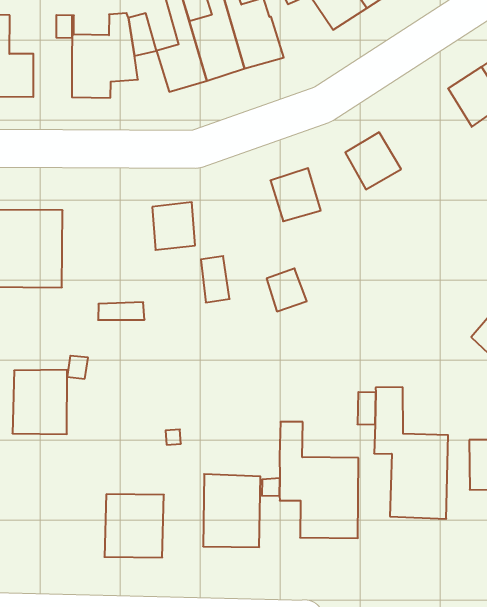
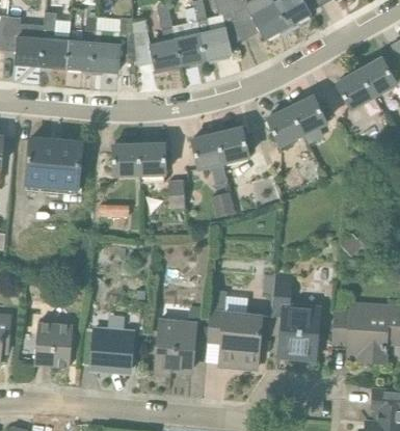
building: none -> [68,41,95,71]
building: none -> [290,97,326,133]
building: none -> [191,134,223,167]
building: none -> [113,145,139,173]
building: [12,370,67,434] -> [34,324,73,368]

